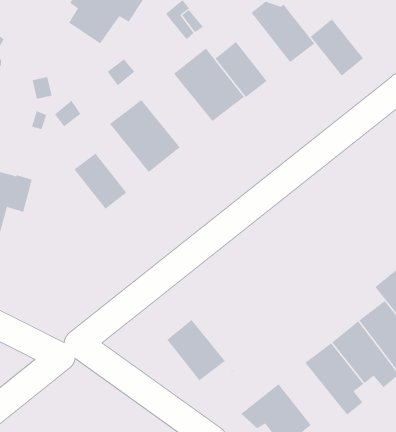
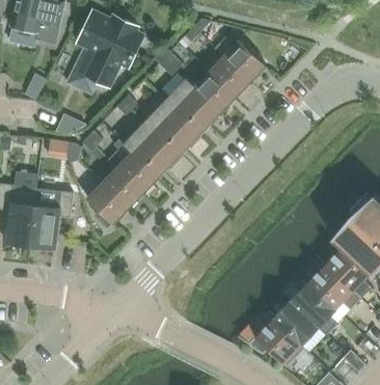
building: [310,18,364,77] -> [207,56,248,98]
building: none -> [143,102,197,155]
building: none -> [108,139,158,193]
building: none -> [85,182,128,225]
building: [166,319,234,381] -> [272,300,325,345]

